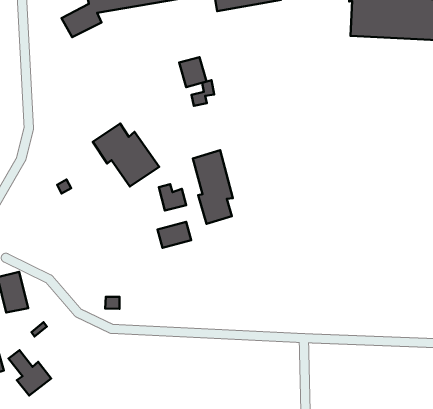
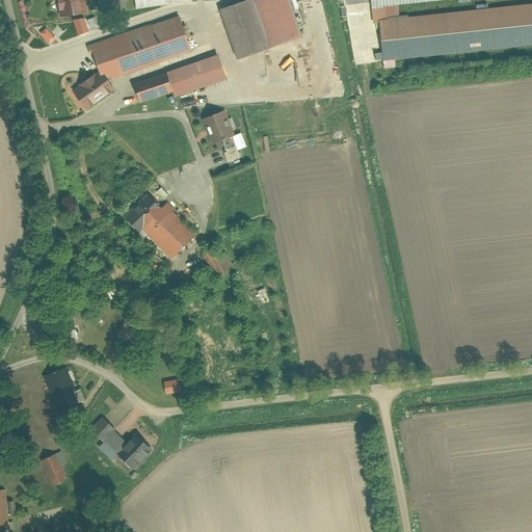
building: none -> [132,54,225,102]
building: [193,150,233,224] -> none
building: [158,222,191,248] -> none
building: [9,350,51,396] -> [104,425,153,472]

